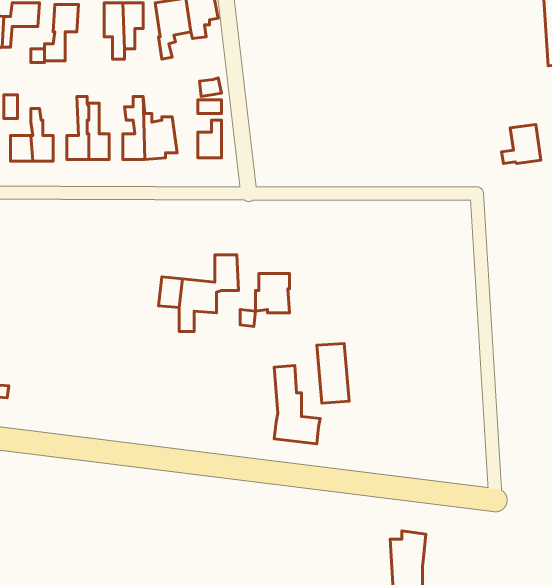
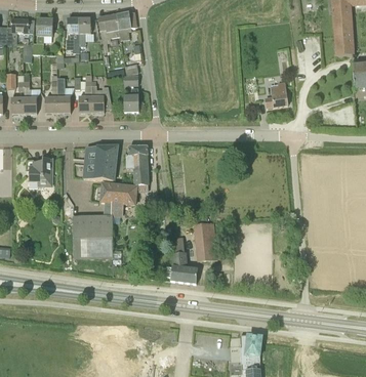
building: [502,124,541,164] -> [265,82,288,106]
building: none -> [83,145,117,179]
building: none -> [26,159,52,185]
building: [256,274,290,313] -> [127,145,148,169]
building: none -> [73,215,114,256]

